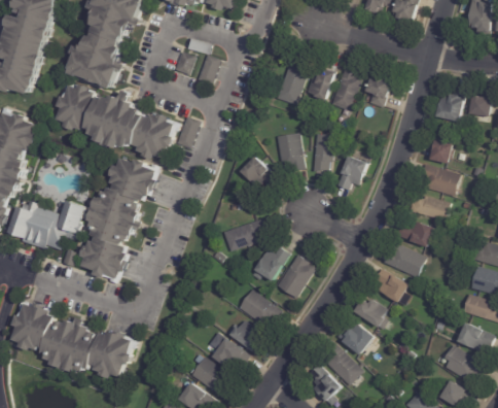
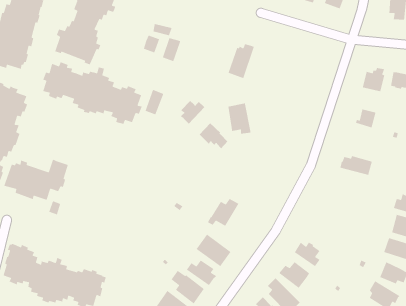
building: [329,66,359,111] -> none
building: [305,69,334,104] -> none
building: [365,74,392,108] -> none
building: none -> [180,100,205,125]
building: [311,134,332,171] -> none
building: [335,156,366,191] -> none
building: [78,158,155,278] -> none
building: [420,164,459,197] -> none
building: [222,218,264,251] -> none
building: [397,222,434,247] -> none
building: [382,242,424,277] -> none
building: [276,254,313,298] -> none
building: [374,269,410,303] -> none

